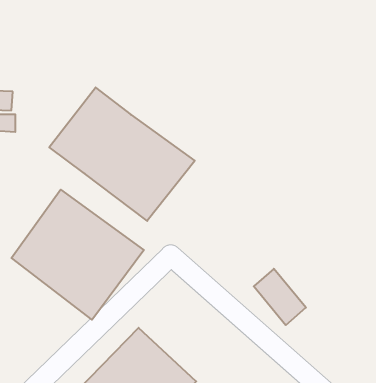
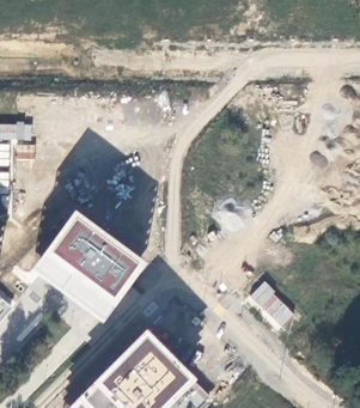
building: [49,87,195,221] -> none

